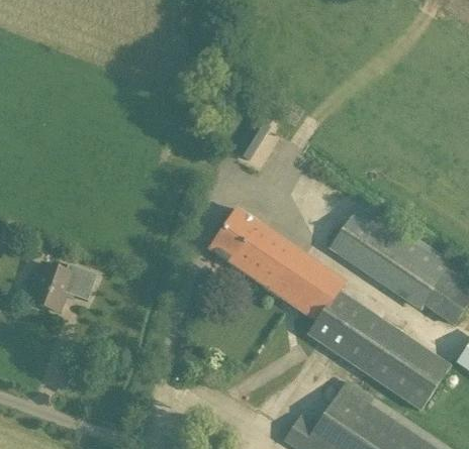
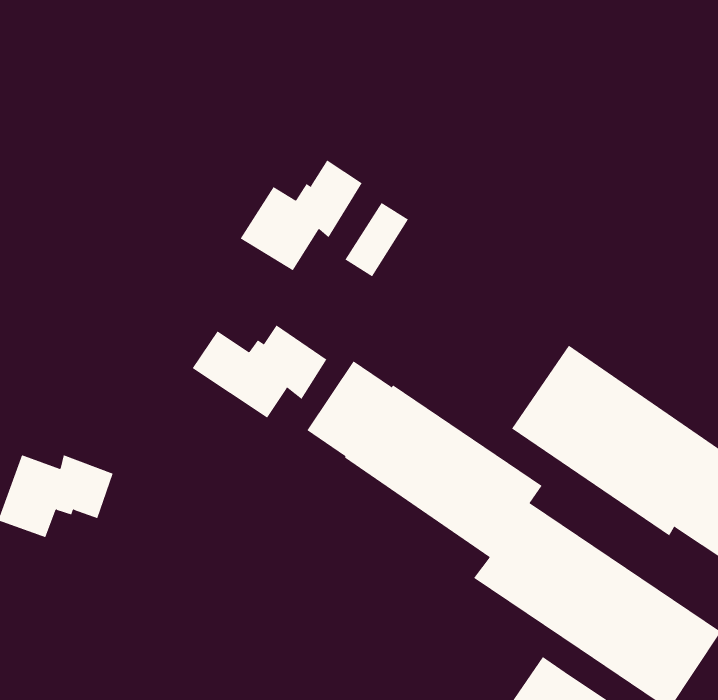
building: none -> [240,160,363,271]
building: none -> [192,325,327,419]

